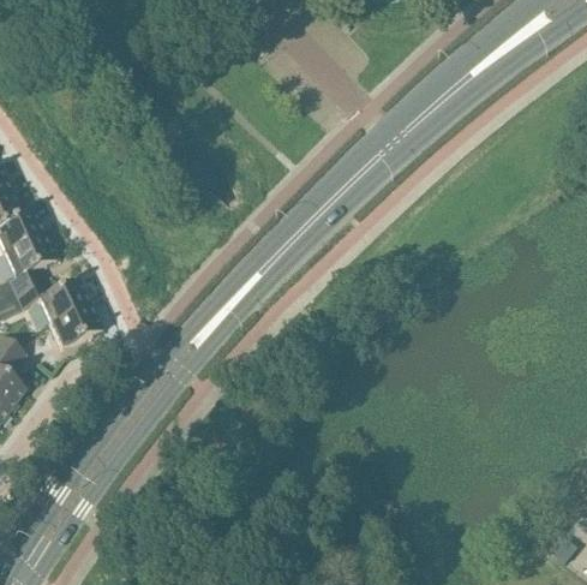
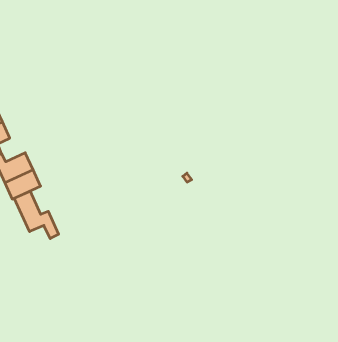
building: none -> [14,191,59,239]

